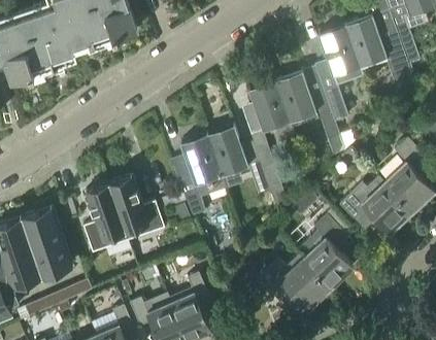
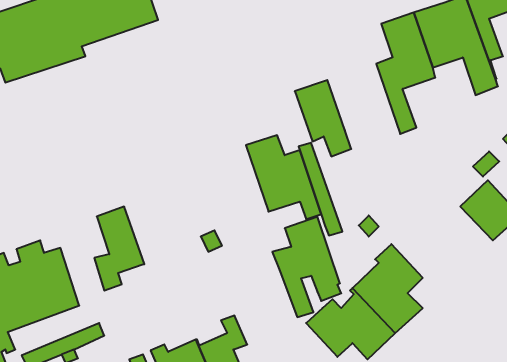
building: [275,67,344,158] -> none
building: [171,134,228,216] -> [272,217,341,317]
building: [108,176,164,241] -> none
building: [339,178,411,234] -> none

